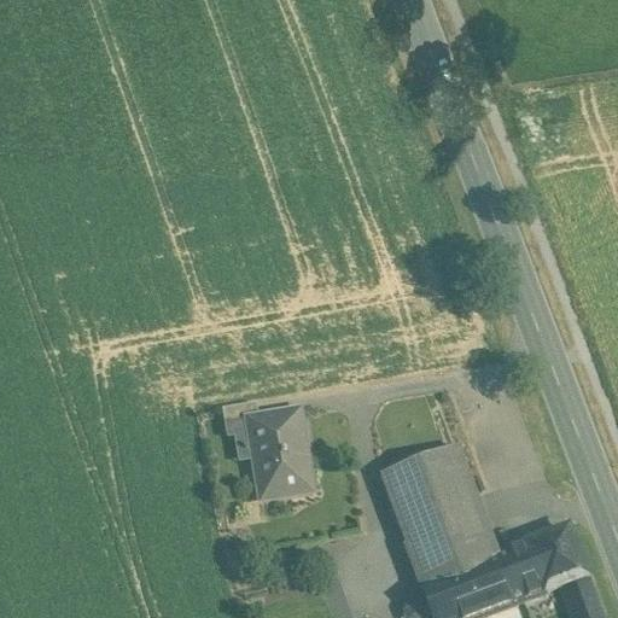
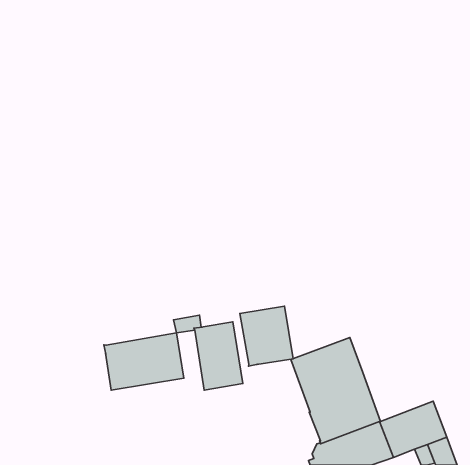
building: none -> [240,306,293,366]
building: none -> [104,333,184,390]

